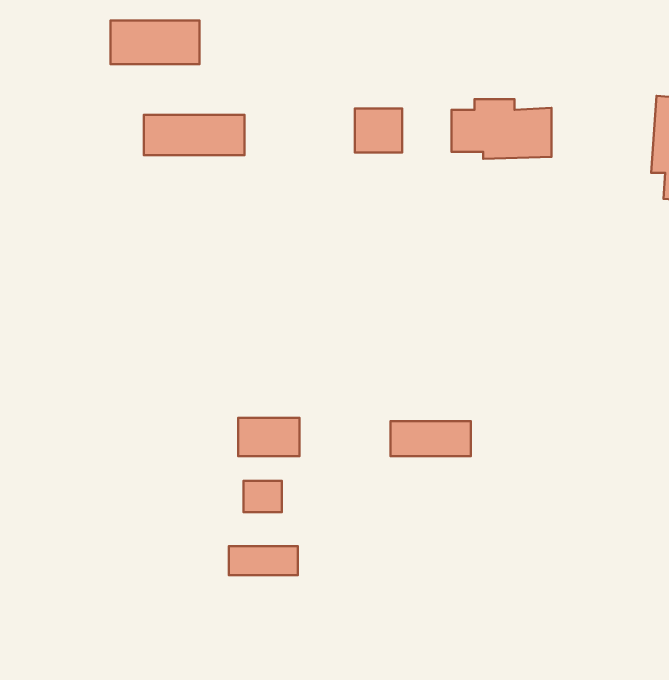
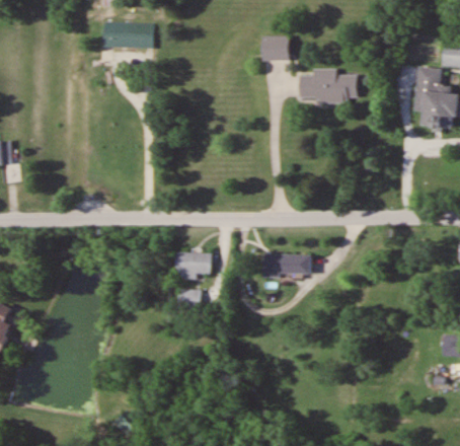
building: [355,109,402,152] -> [261,36,289,62]
building: [144,115,244,155] -> none
building: [229,546,298,575] -> none

